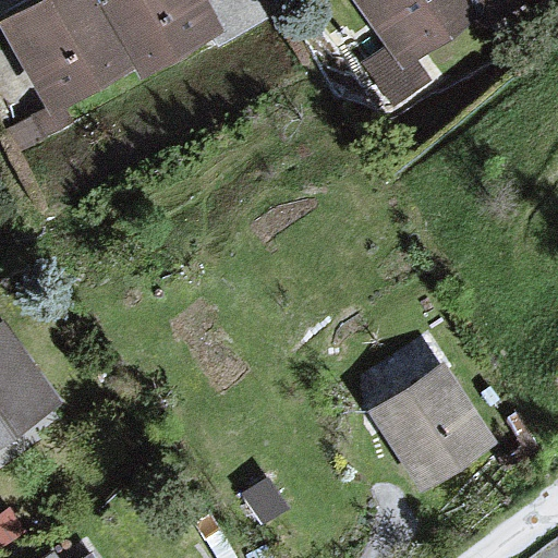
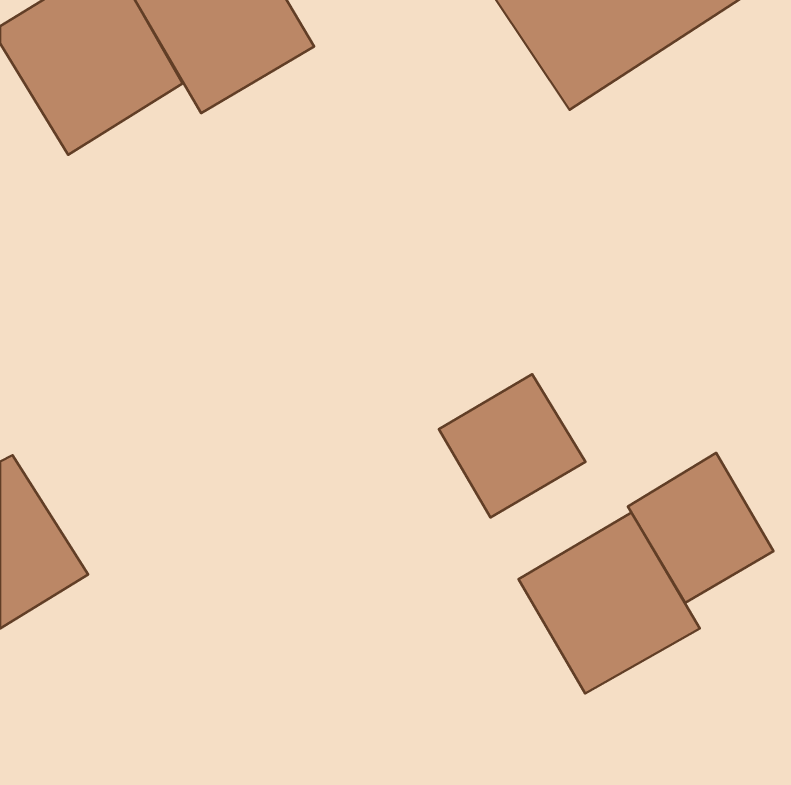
building: none -> [439,374,585,518]
building: none -> [628,453,774,603]

